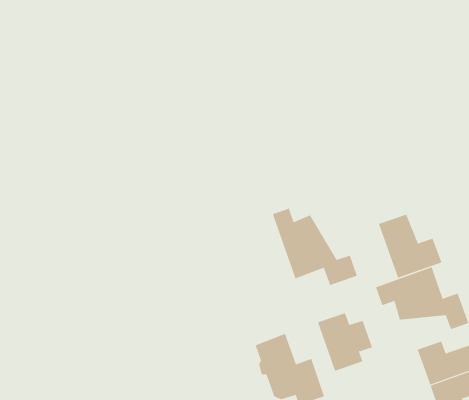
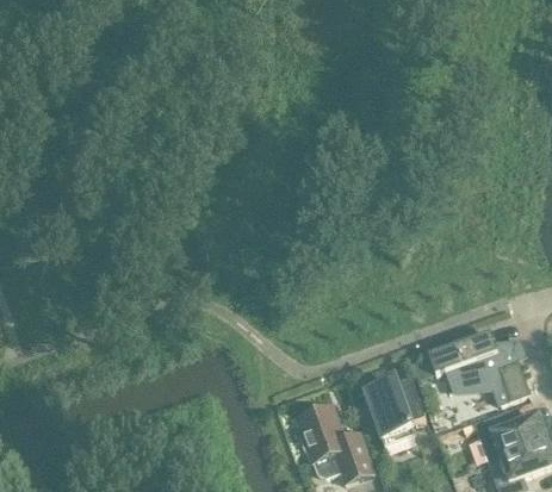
building: [272,208,358,286] -> none
building: [378,214,442,279] -> none

